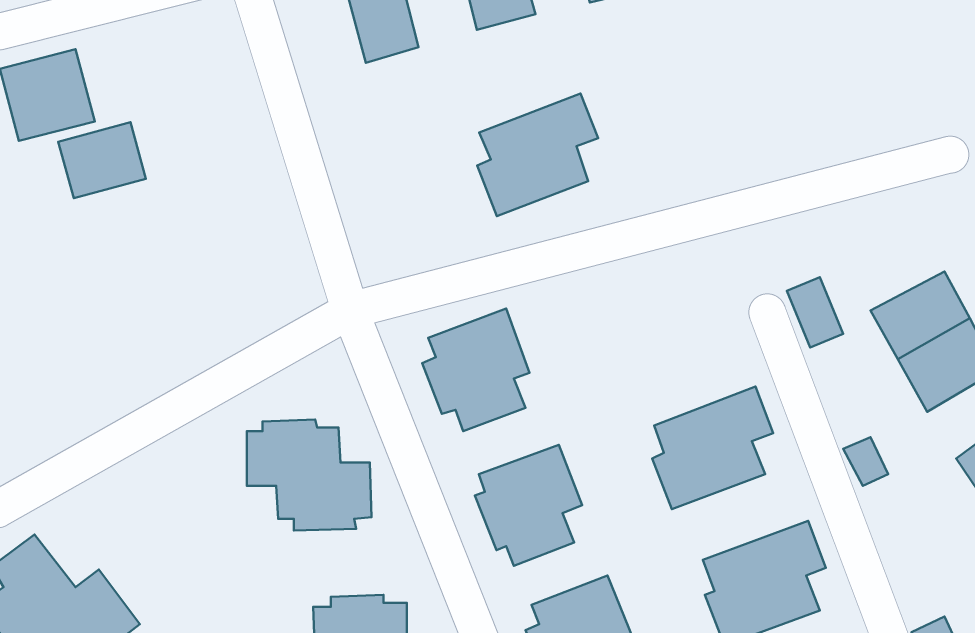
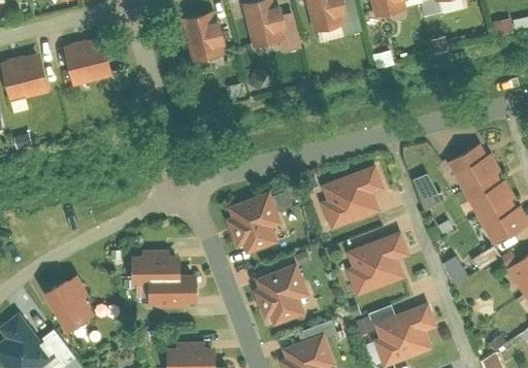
building: [477,93,598,216] -> [320,166,384,231]
building: [58,122,146,198] -> [64,40,110,80]
building: none -> [447,143,500,192]
building: none -> [44,271,94,328]

